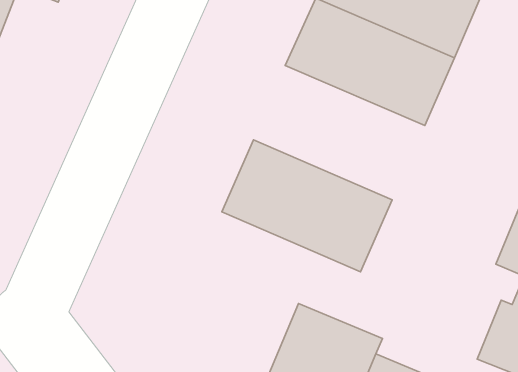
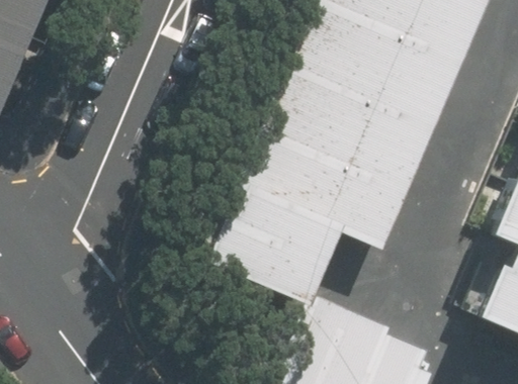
building: none -> [264,66,423,190]
building: none -> [201,201,310,307]

